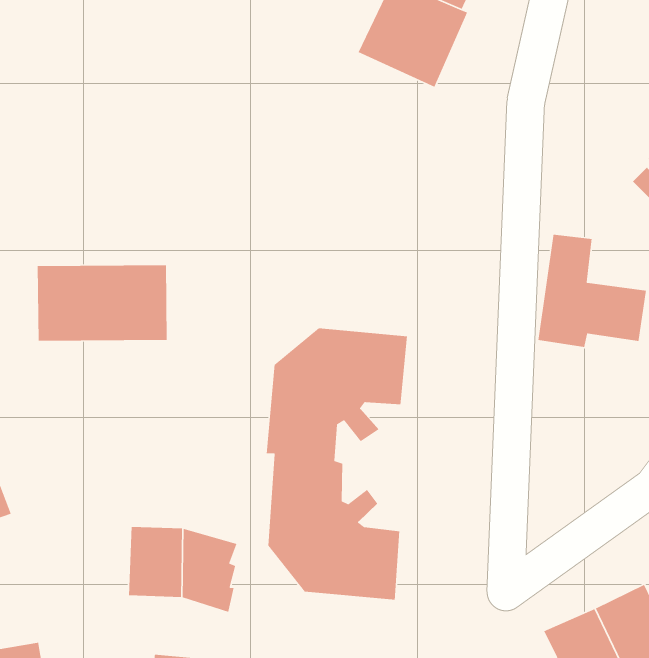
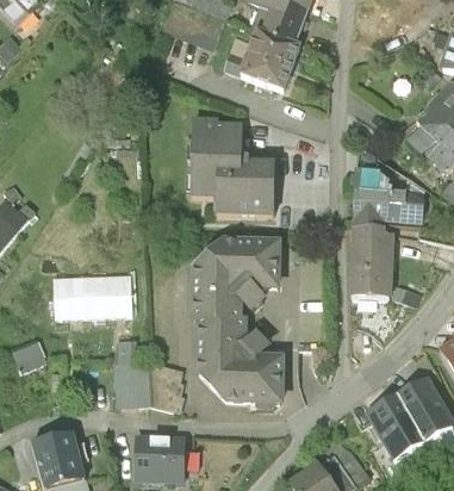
building: none -> [192,123,276,217]
building: [37,265,168,341] -> [57,273,138,324]
building: none -> [348,238,392,306]

